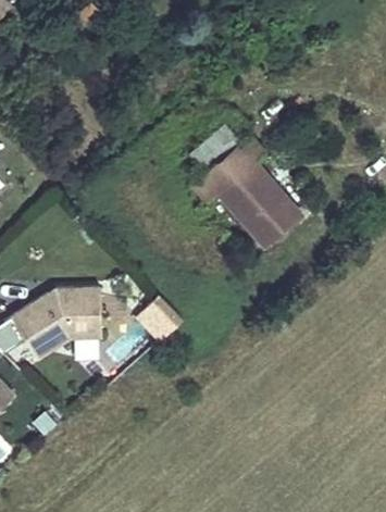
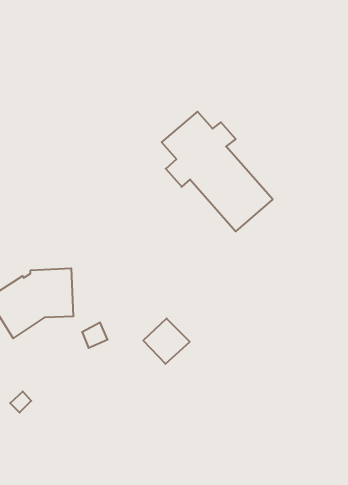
building: [134,295,182,341] -> [143,318,190,364]

